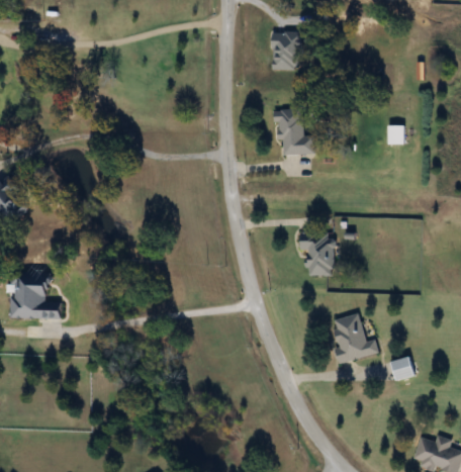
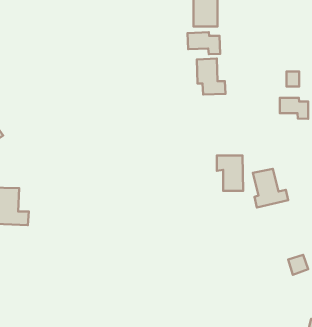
building: none -> [187,32,220,54]
building: none -> [280,98,308,119]
building: [333,313,377,362] -> [253,169,288,207]

